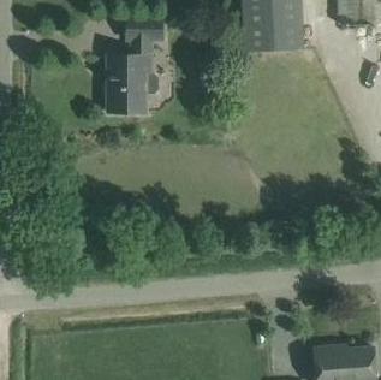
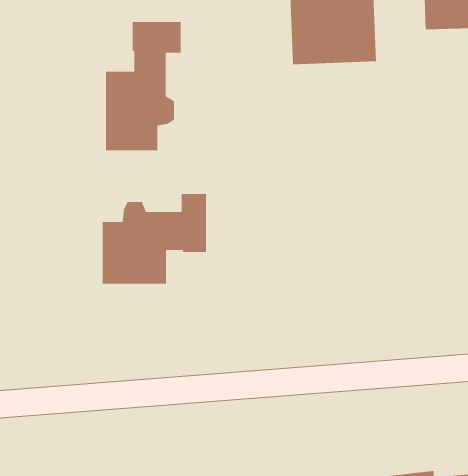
building: none -> [102,193,207,285]

